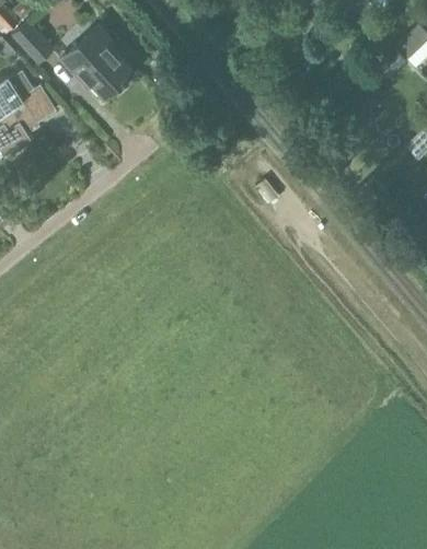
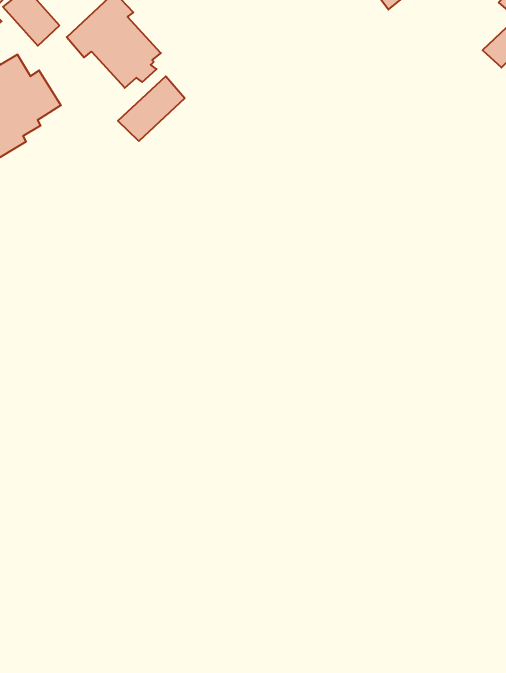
building: none -> [118,76,185,141]

